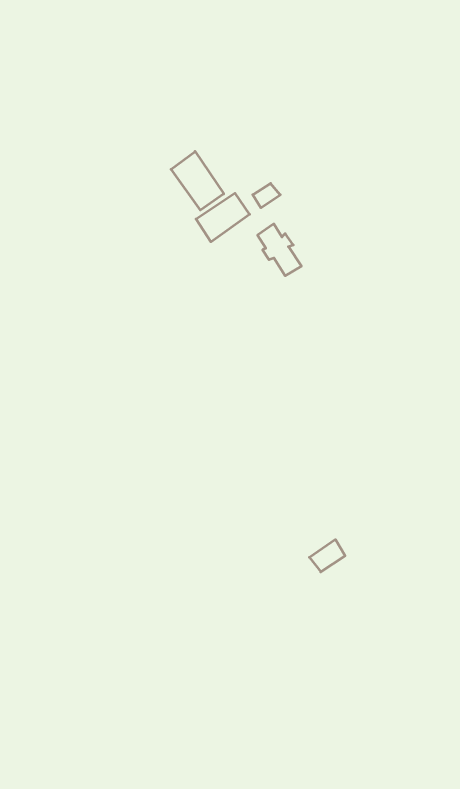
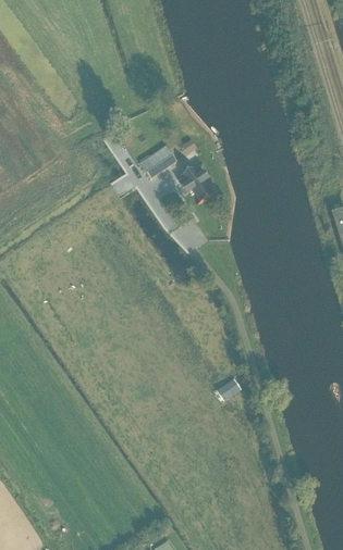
building: [171,151,224,210] -> none

